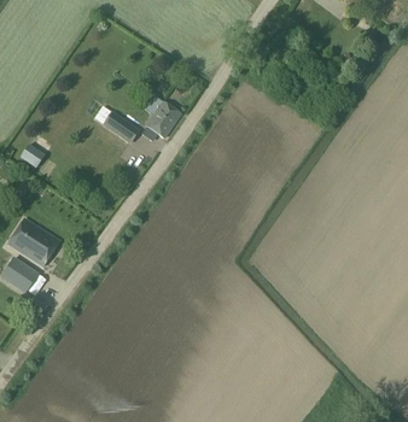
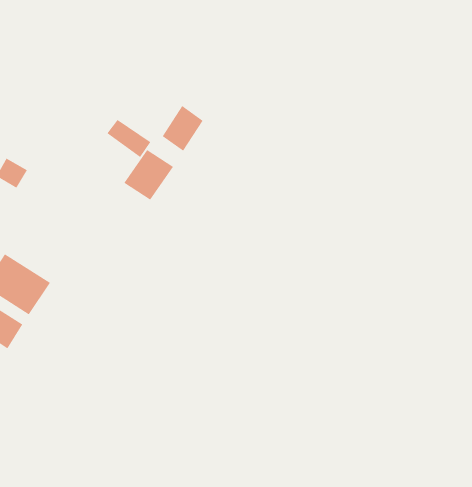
building: none -> [124,149,174,200]

